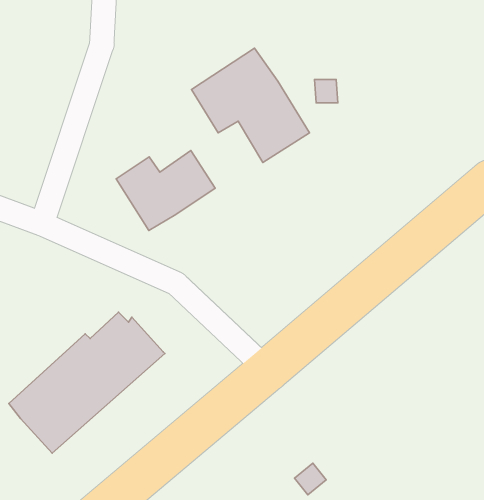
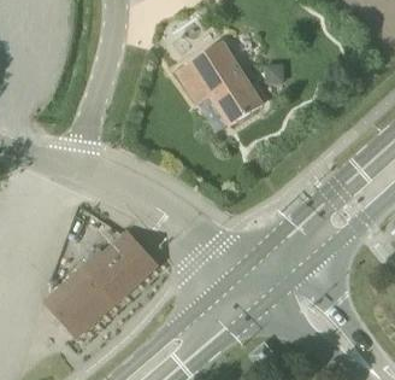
building: [116,151,215,231] -> none

